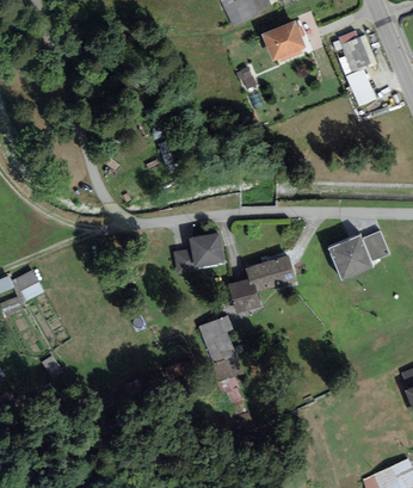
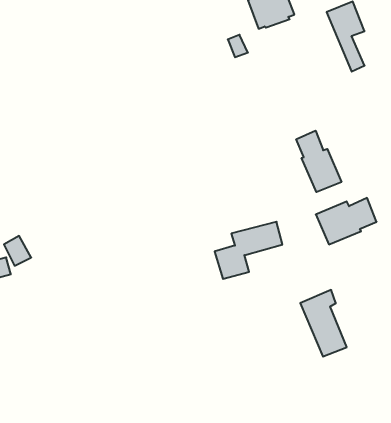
building: none -> [296,131,341,192]
building: [190,235,224,265] -> none
building: [196,314,242,381] -> [300,290,347,357]

